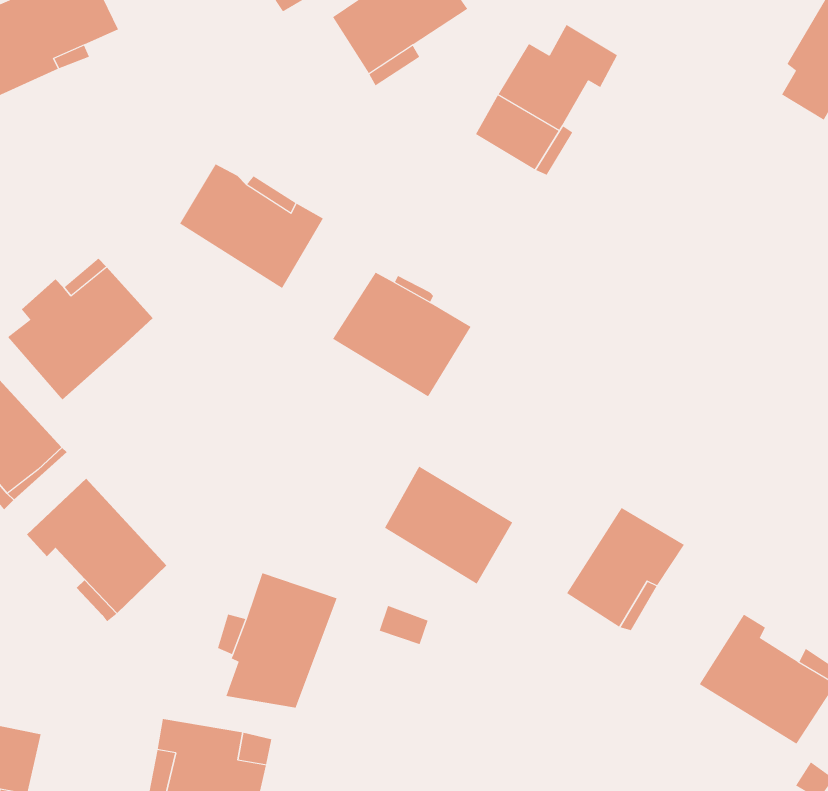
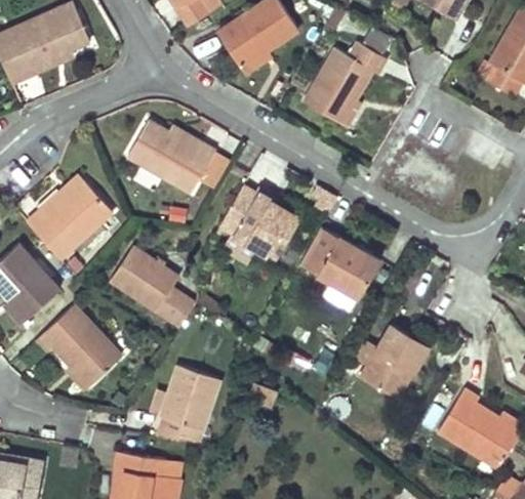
building: none -> [109,245,195,329]
building: [384,466,513,585] -> [302,227,379,298]

